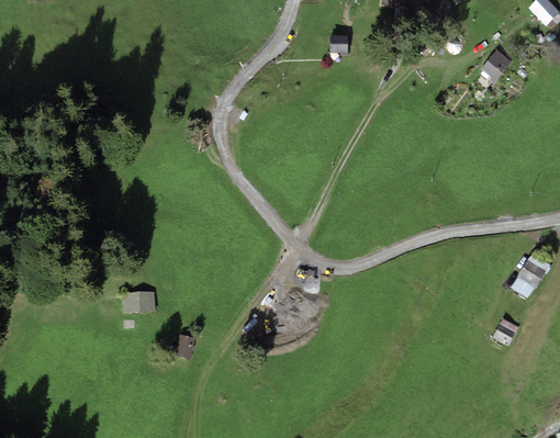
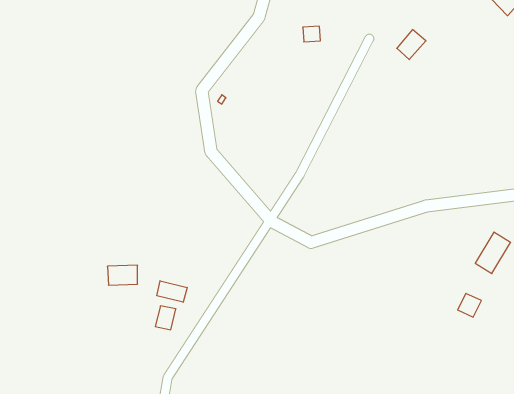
building: [481,49,512,81] -> [397,30,426,60]
building: none -> [157,281,187,302]

